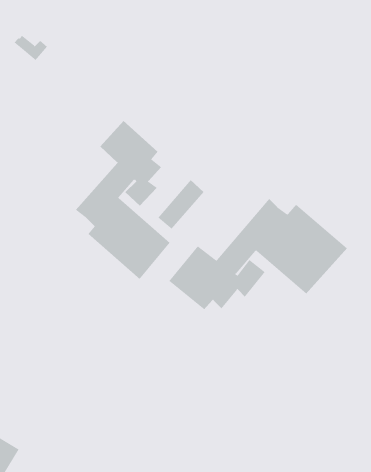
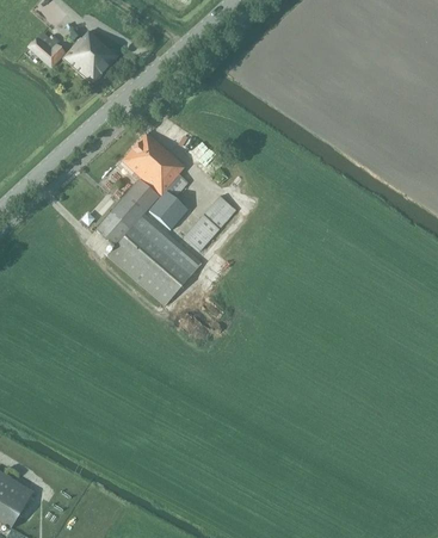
building: none -> [62,31,117,85]
building: [169,198,348,310] -> none

